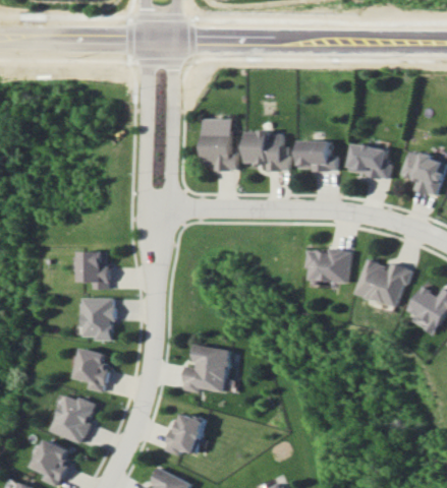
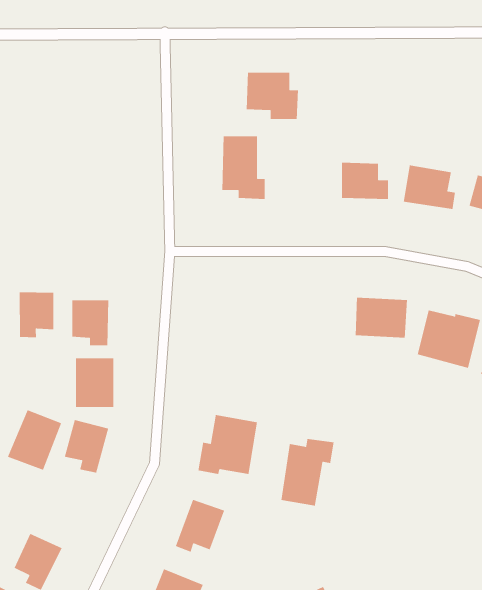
building: [246,132,289,171] -> [246,72,299,120]
building: none -> [19,292,54,338]
building: none -> [281,438,335,507]
building: [51,393,96,443] -> [7,409,62,471]

